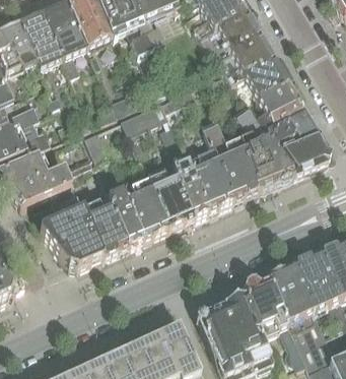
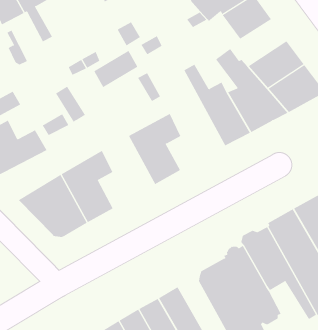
building: [259,82,302,124] -> none
building: [182,122,235,214] -> none
building: [116,178,167,244] -> none

